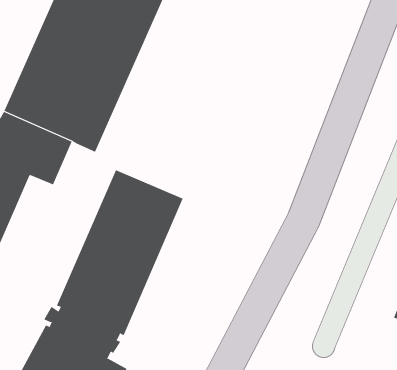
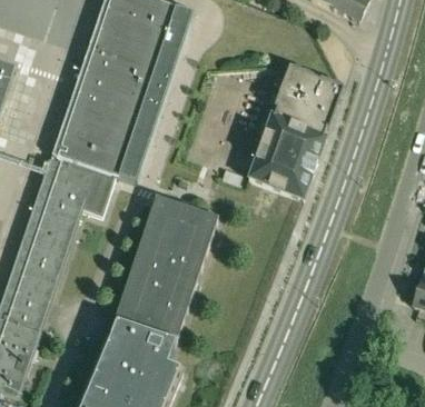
building: none -> [249,62,344,196]

